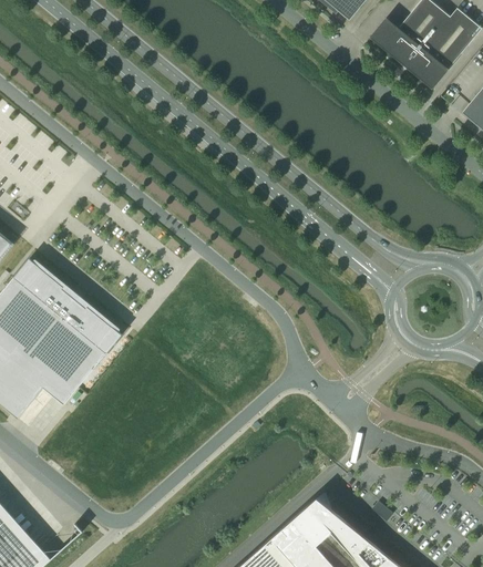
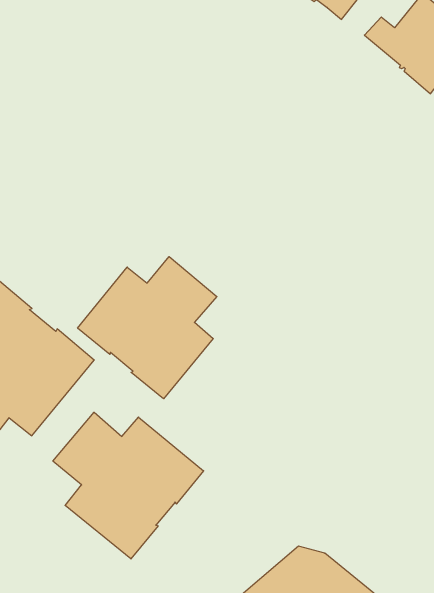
building: none -> [78,257,217,399]
building: none -> [53,412,204,559]

